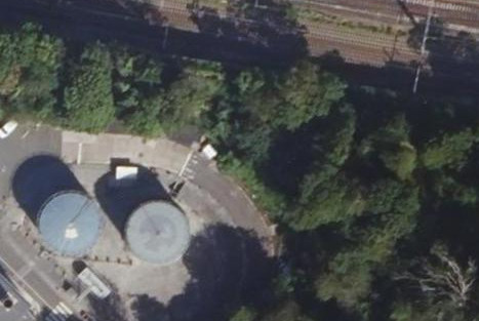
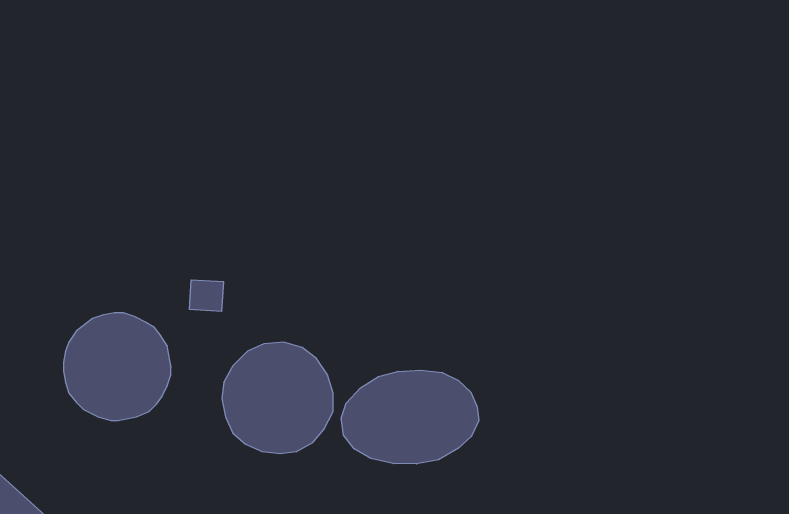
building: none -> [341,370,479,464]

